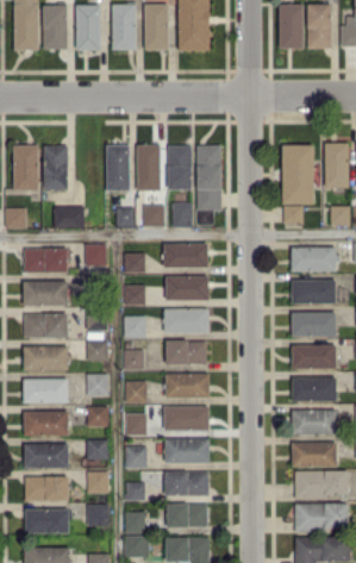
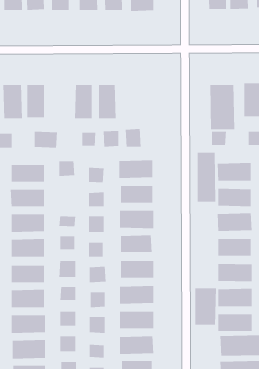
building: [196,145,221,211] -> [197,152,216,202]
building: [168,146,192,189] -> none
building: none -> [195,288,217,326]

